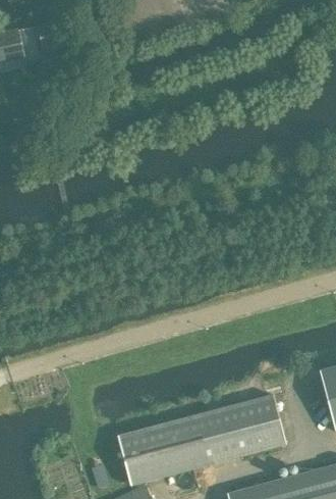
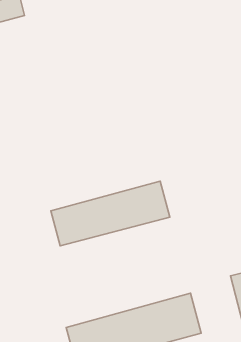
building: none -> [51,181,170,246]

